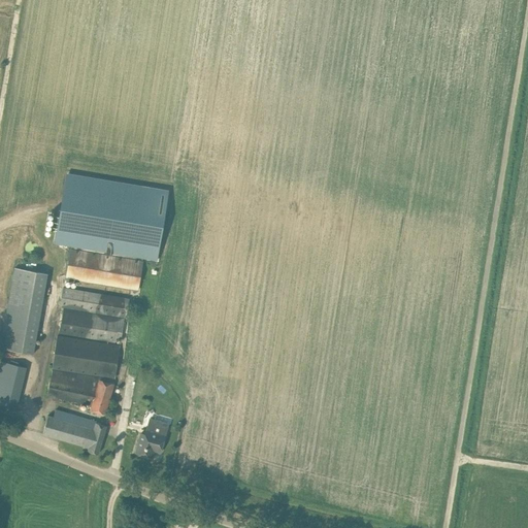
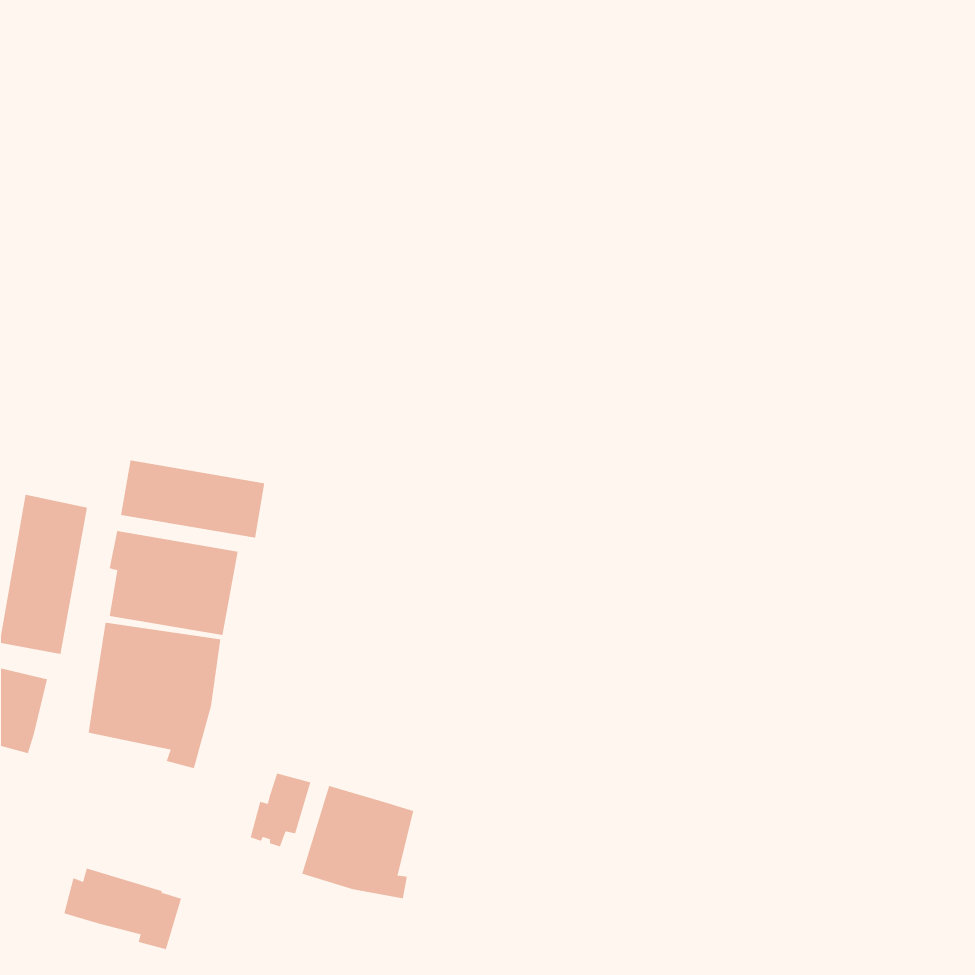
building: [57,173,168,260] -> none
building: [42,409,106,454] -> [63,868,182,950]
building: none -> [302,785,414,899]

